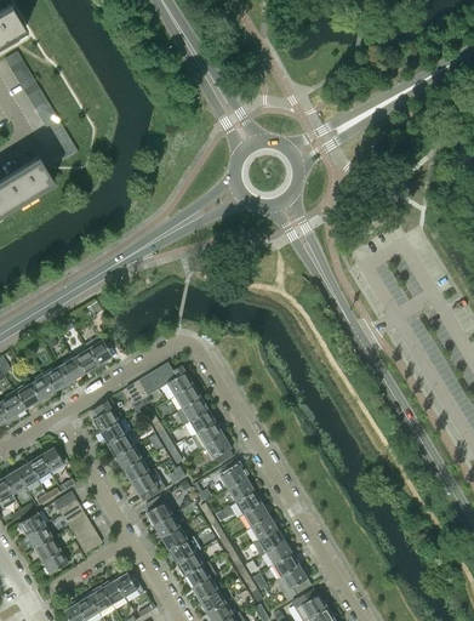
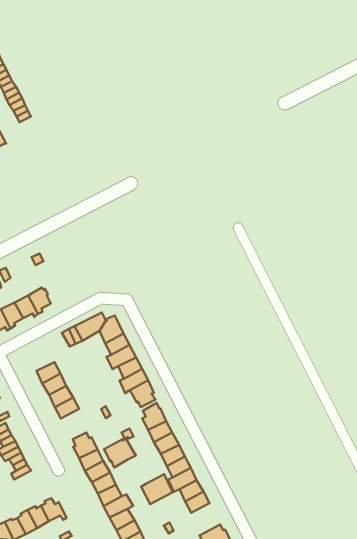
building: [91,399,120,432] -> none
building: [131,469,166,502] -> [104,438,136,467]
building: [276,565,312,599] -> [141,474,173,504]

